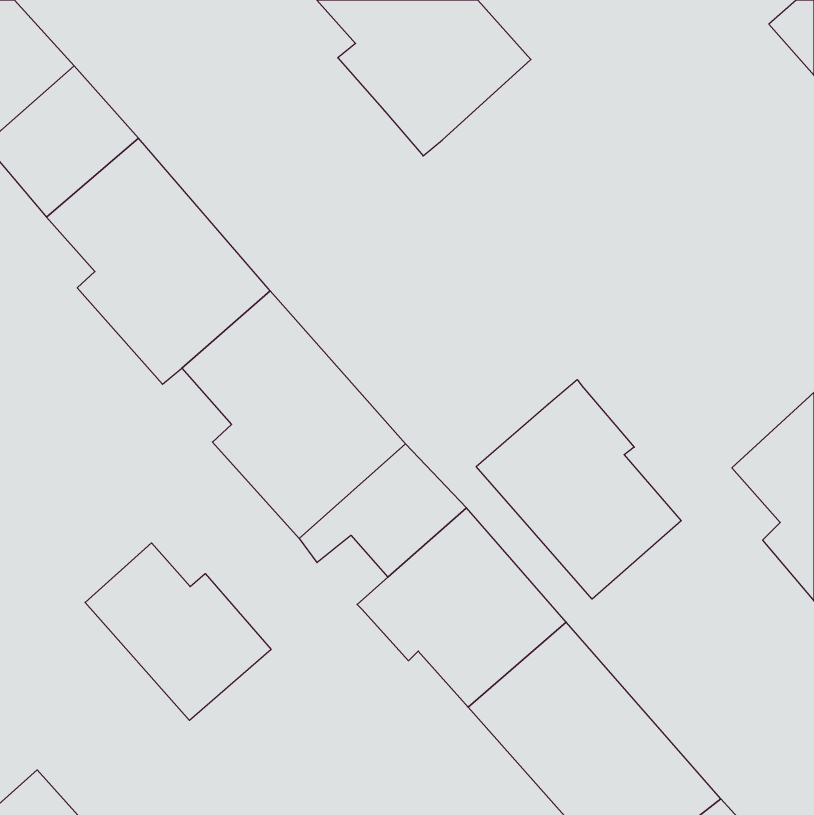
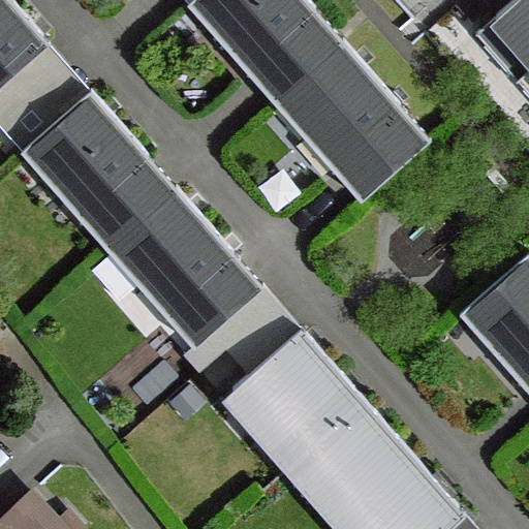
building: none -> [284,42,428,204]
building: [476,380,681,599] -> none
building: [85,543,271,720] -> none

